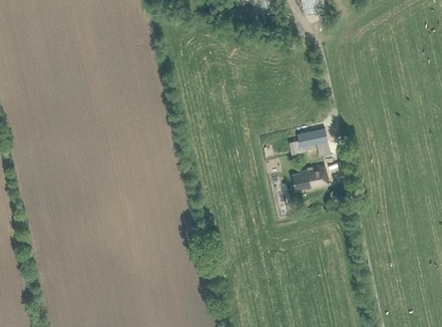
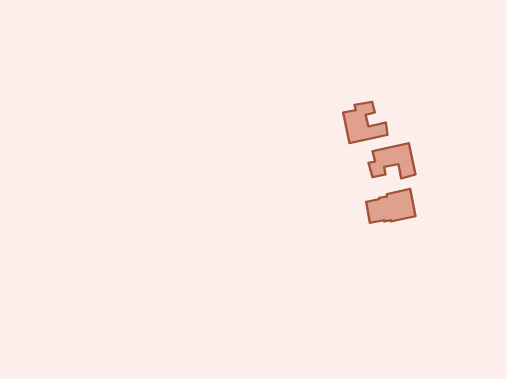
building: none -> [343,102,387,143]

